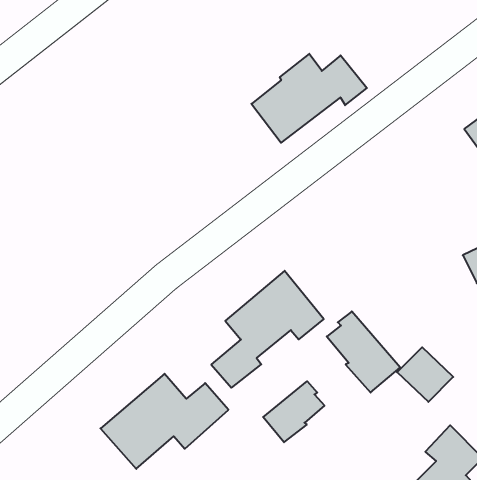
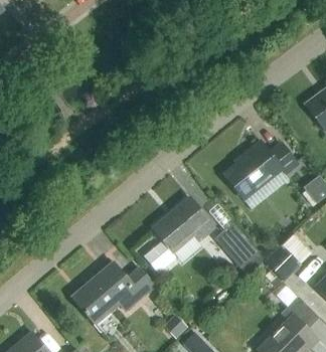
building: [251,54,367,143] -> [224,141,299,198]
building: [263,381,324,442] -> none

